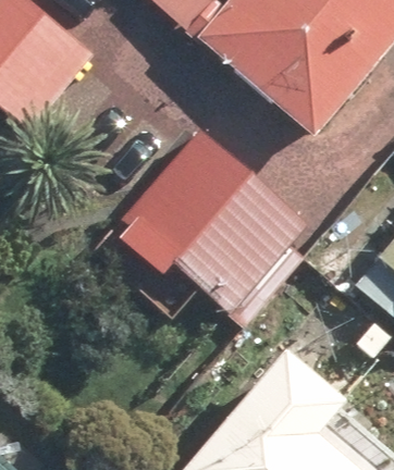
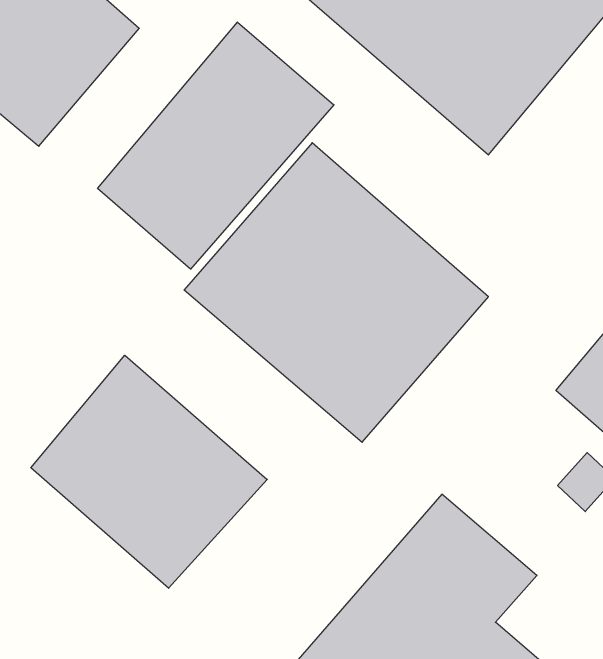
building: none -> [98,22,334,269]
building: none -> [31,355,267,588]

